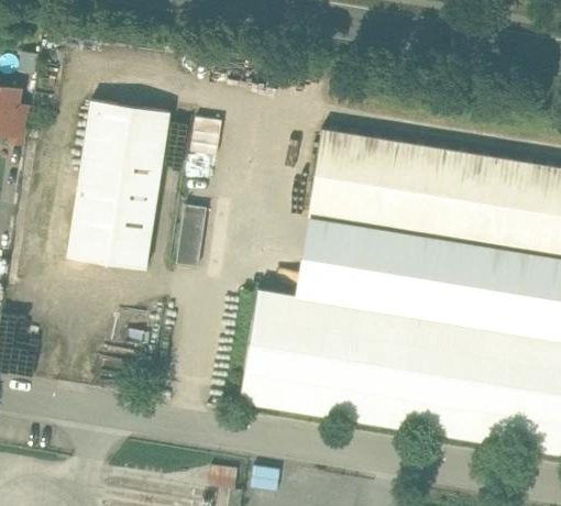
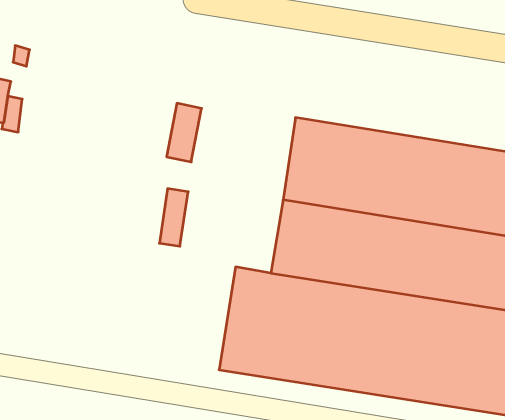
building: [67,101,169,270] -> none

